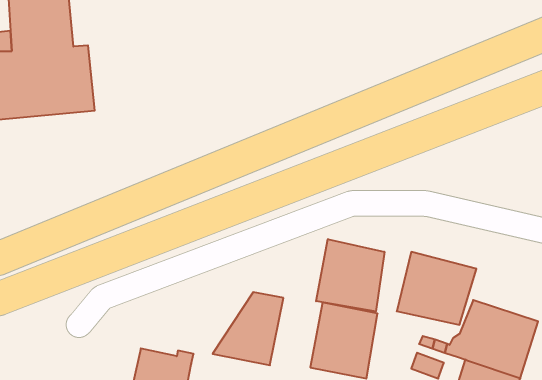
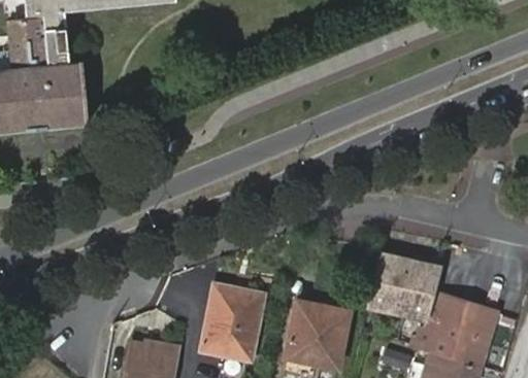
building: [316,239,384,312] -> none

